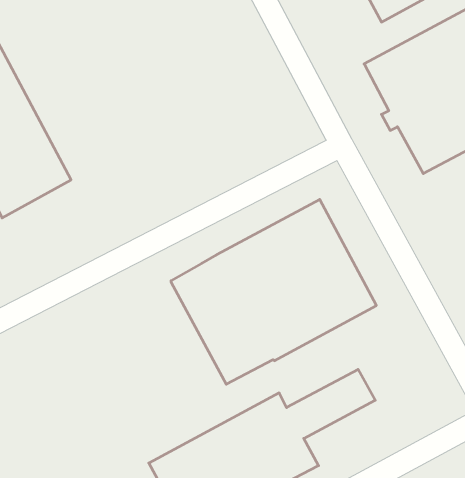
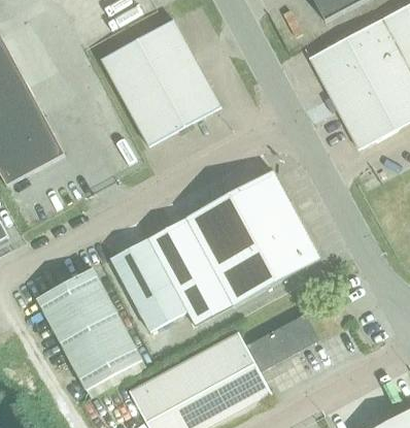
building: none -> [101,20,220,145]
building: none -> [110,238,186,331]
building: none -> [36,267,141,390]

